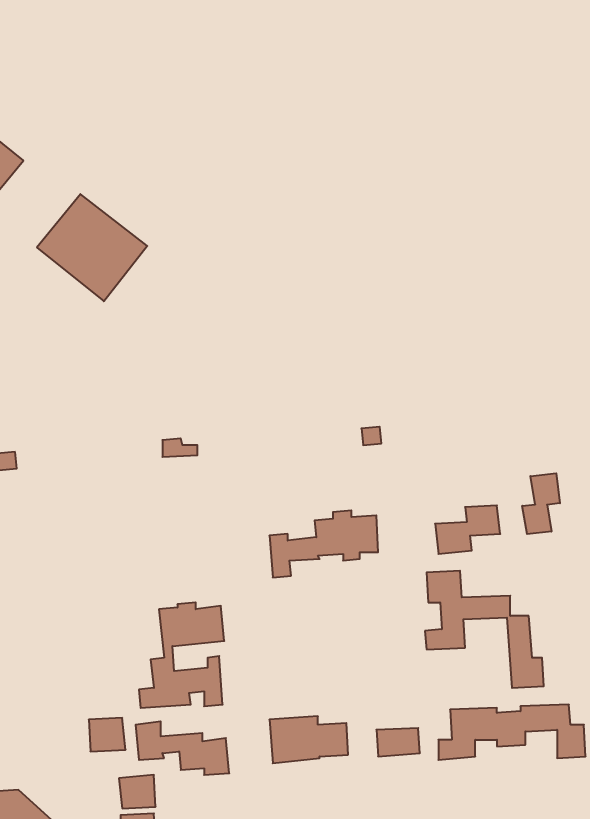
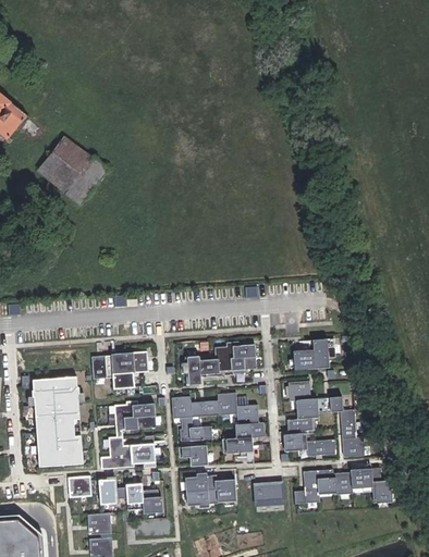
building: [522,473,560,534] -> none
building: none -> [91,352,148,389]
building: none -> [32,377,82,467]
building: none -> [171,393,263,453]
building: none -> [286,433,335,455]
building: none -> [179,445,208,466]

